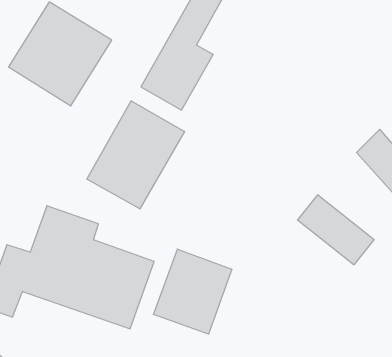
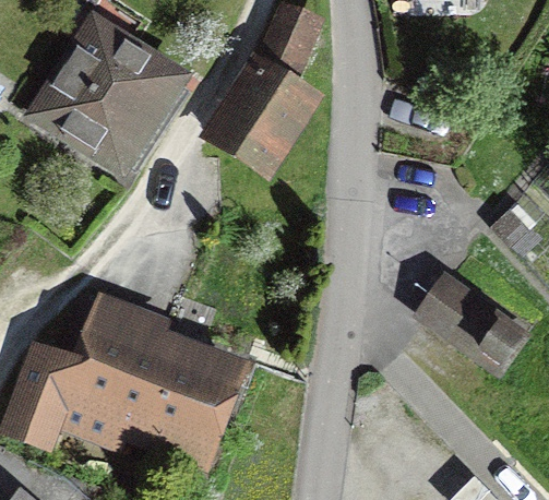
building: [87,101,185,209] -> none
building: [154,249,232,334] -> none

